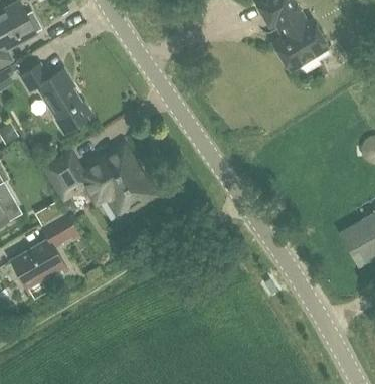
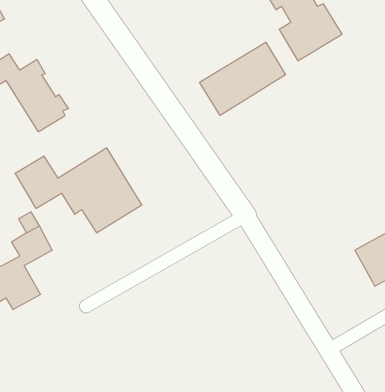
building: none -> [199,42,286,115]

